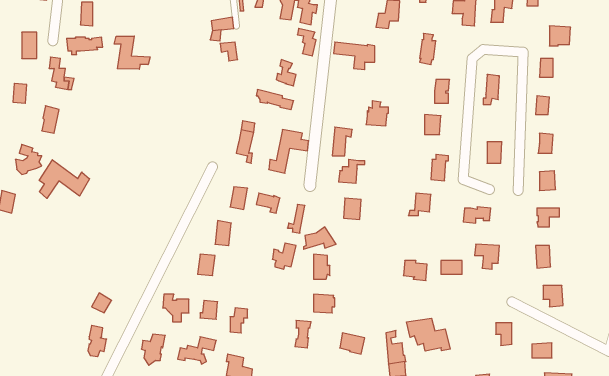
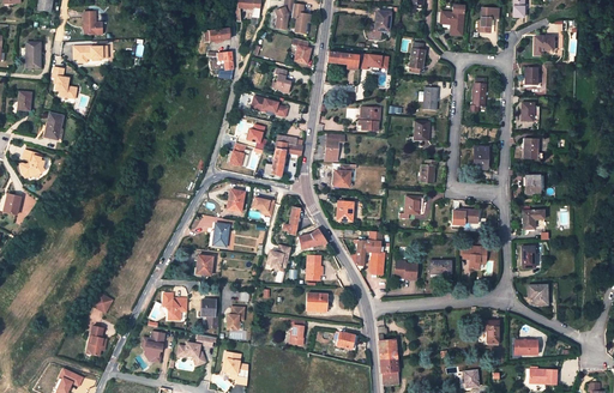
building: [114,36,150,69] -> none
building: [39,160,90,198] -> none
building: none -> [355,232,384,274]
building: [407,318,450,351] -> none

